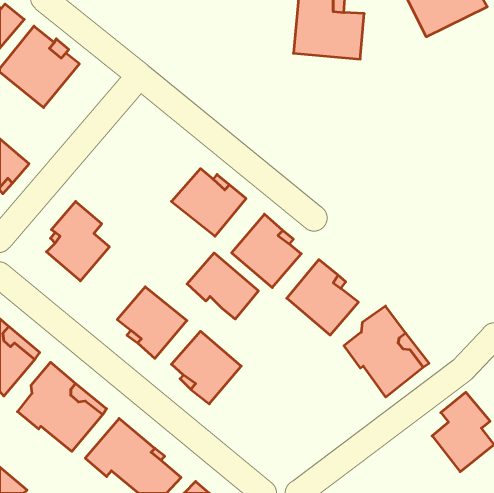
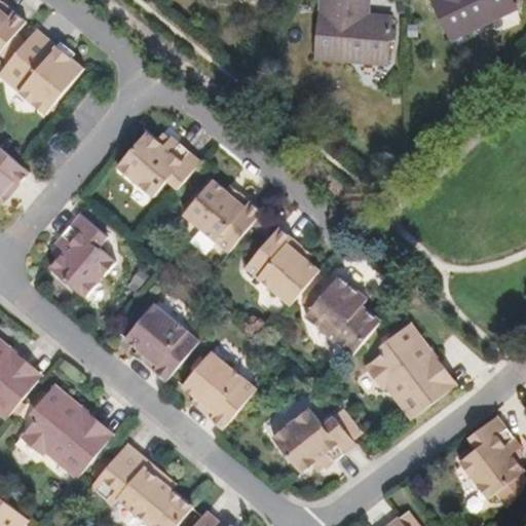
building: none -> [116,130,199,197]
building: [187,253,258,319] -> none
building: none -> [272,408,355,474]

